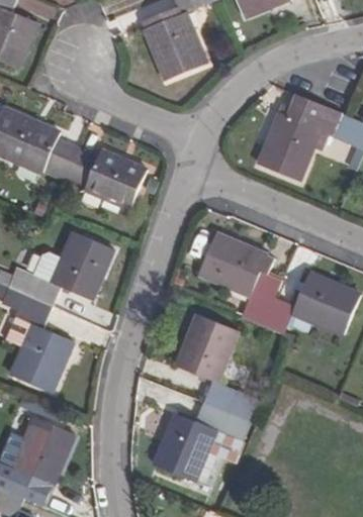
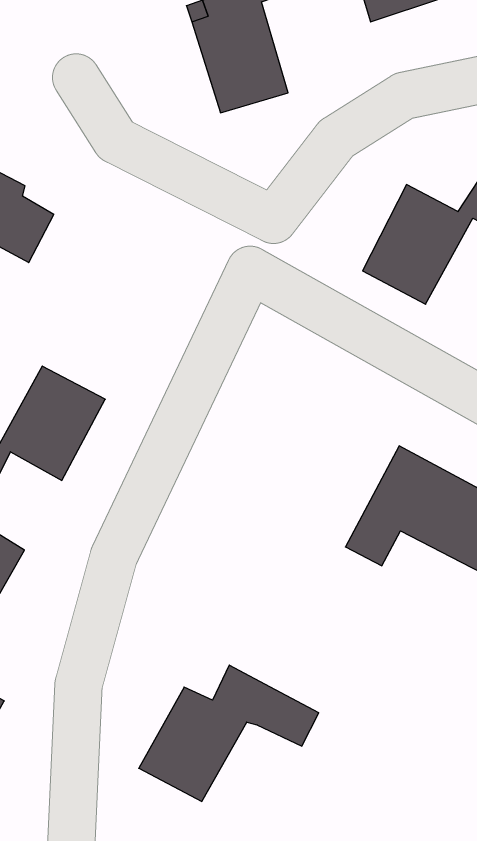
building: [63,146,143,207] -> none
building: [201,234,288,325] -> none
building: [176,317,263,423] -> none

